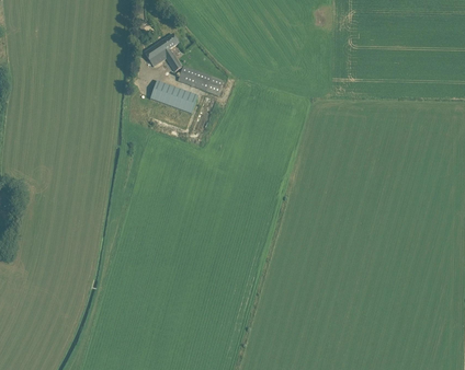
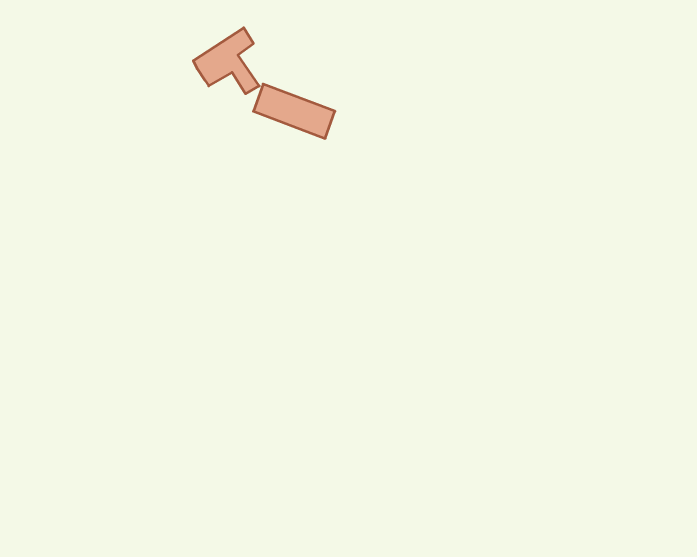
building: [149,81,197,114] -> none

